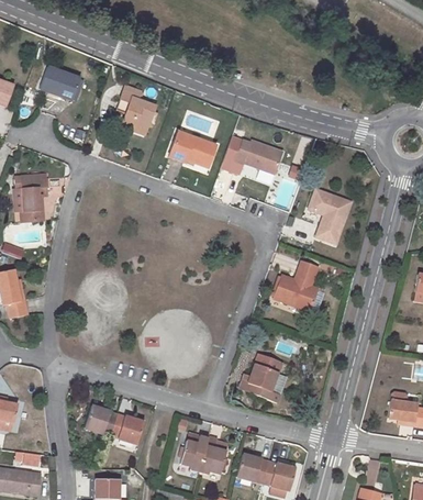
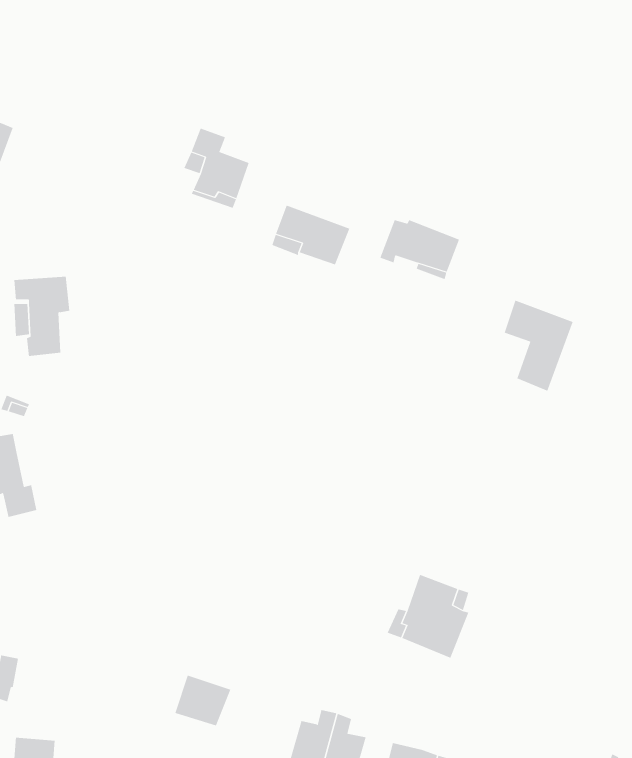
building: [40,66,80,100] -> none
building: [272,259,318,311] -> none
building: [84,404,119,436] -> none

